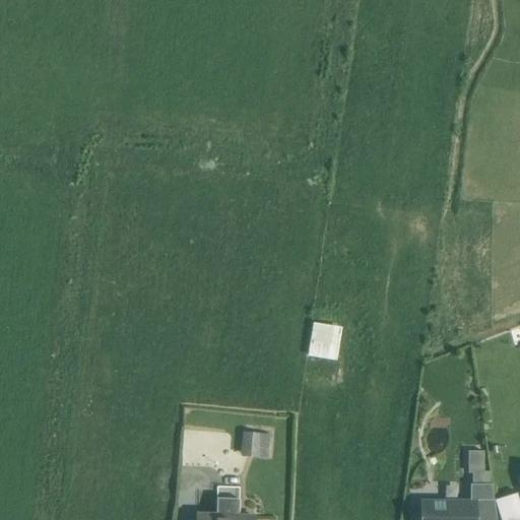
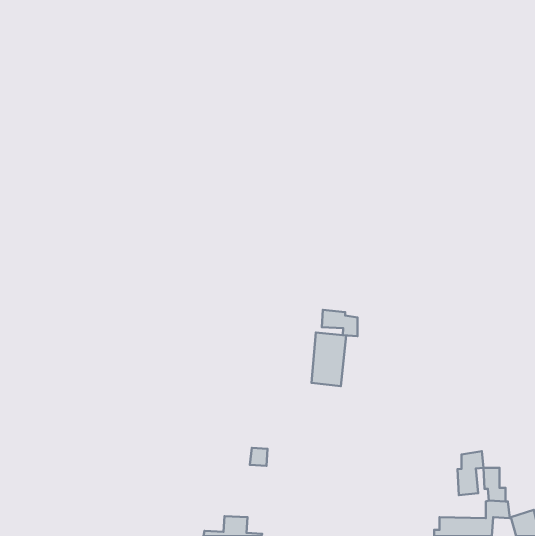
building: none -> [322,310,358,336]
building: none -> [458,451,484,495]

